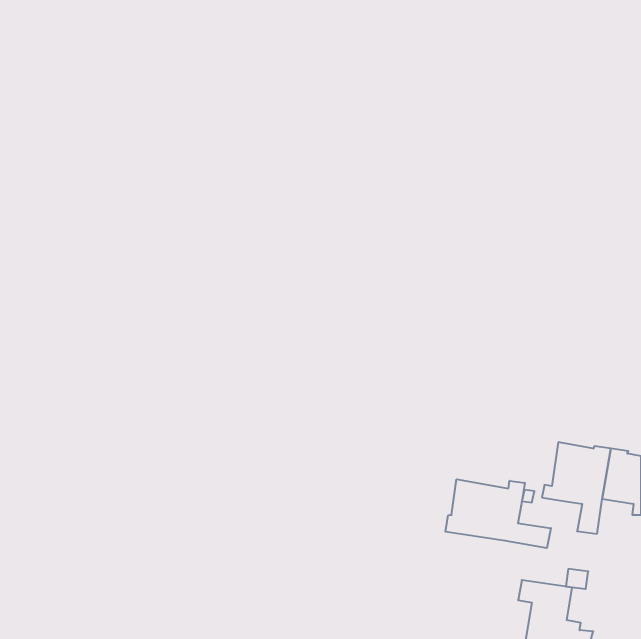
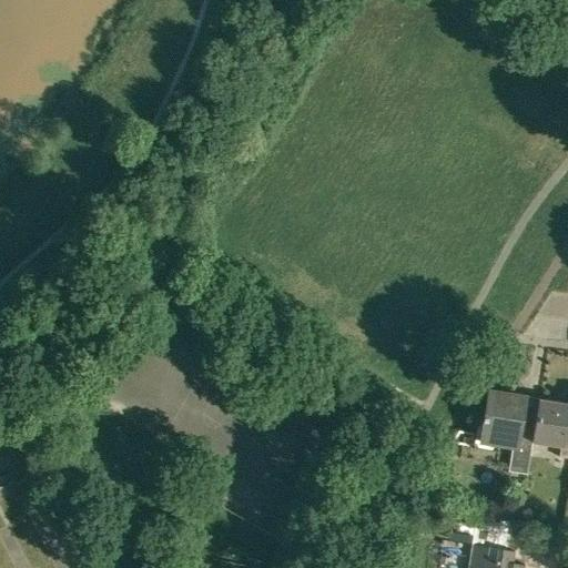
building: [445,479,551,548] -> none

